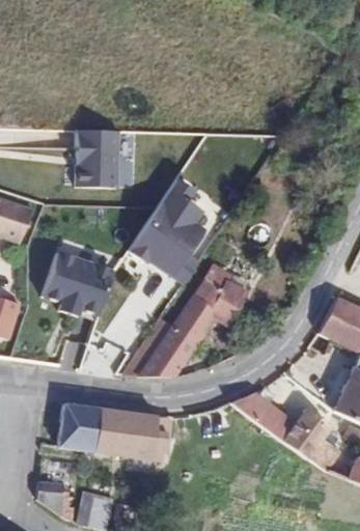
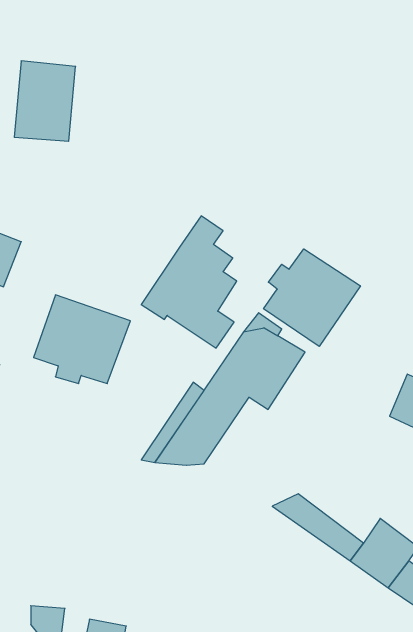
building: [74,130,120,191] -> [14,61,76,141]
building: none -> [264,249,360,346]
building: [57,400,174,460] -> none

